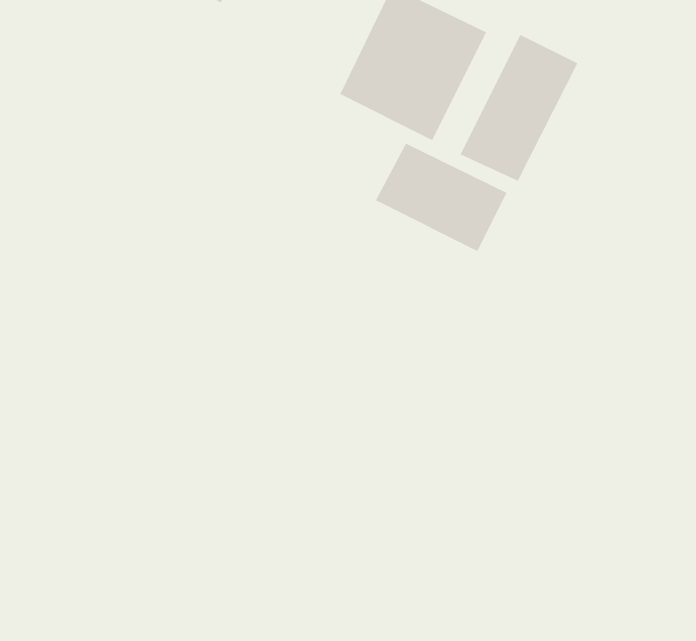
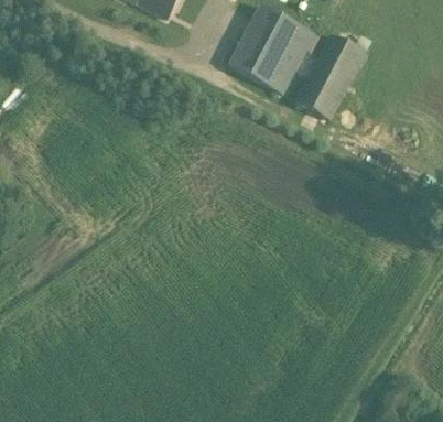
building: [375,143,507,252] -> none

